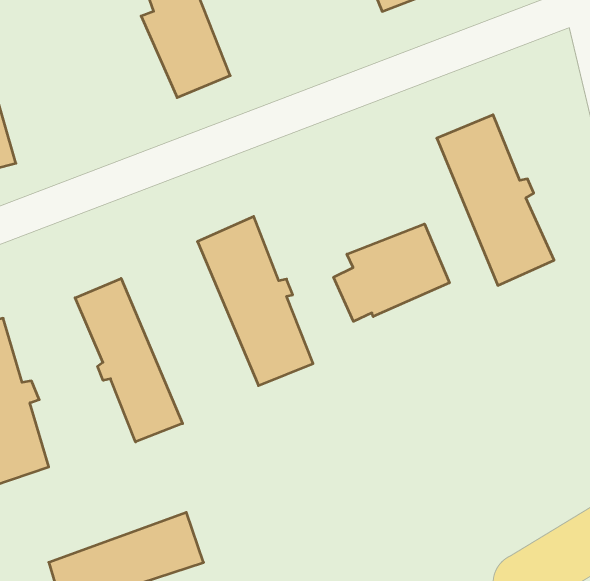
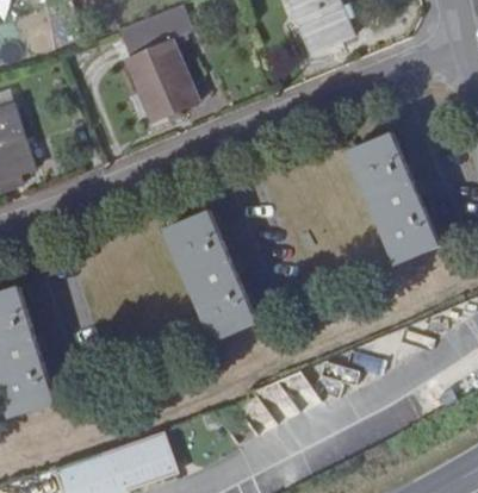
building: [334,224,449,321] -> none
building: [75,278,183,442] -> none

